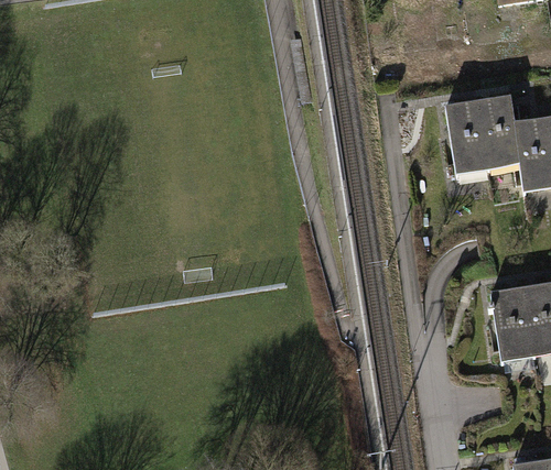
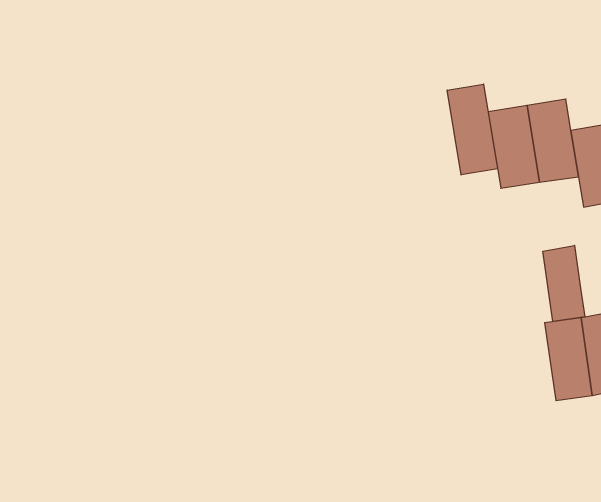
building: none -> [447,84,497,175]
building: none -> [543,245,585,322]

